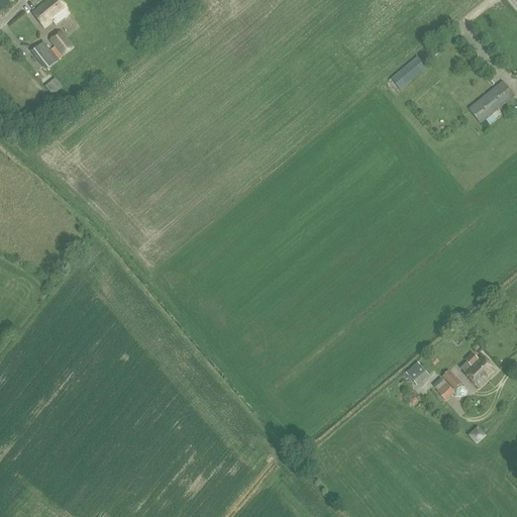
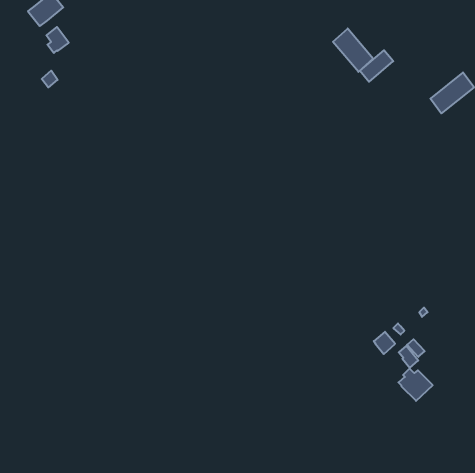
building: none -> [333,28,373,72]
building: [31,40,59,69] -> none
building: [460,351,498,387] -> [398,368,433,401]

